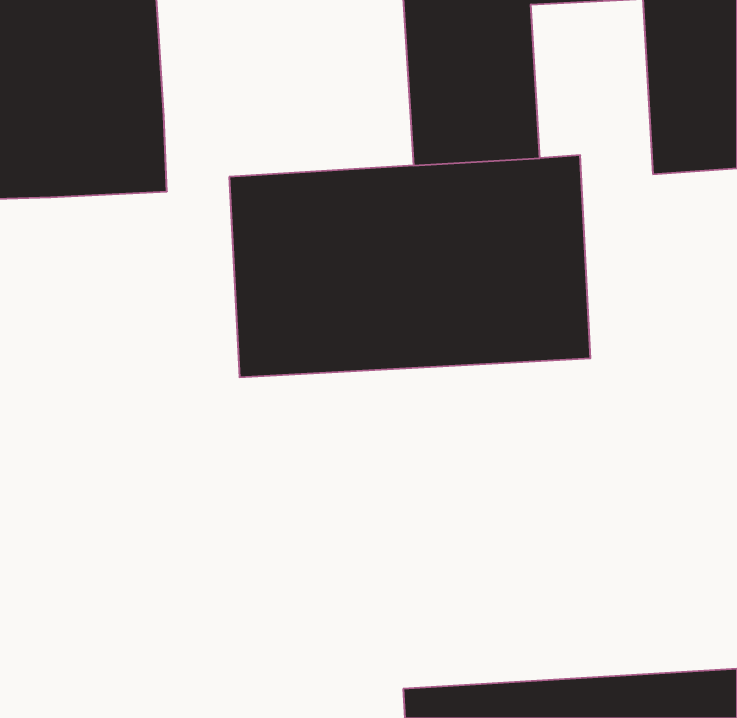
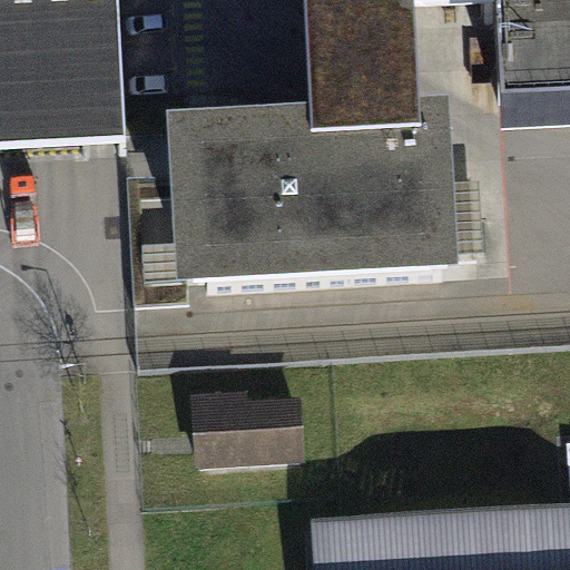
building: none -> [186,383,304,466]

